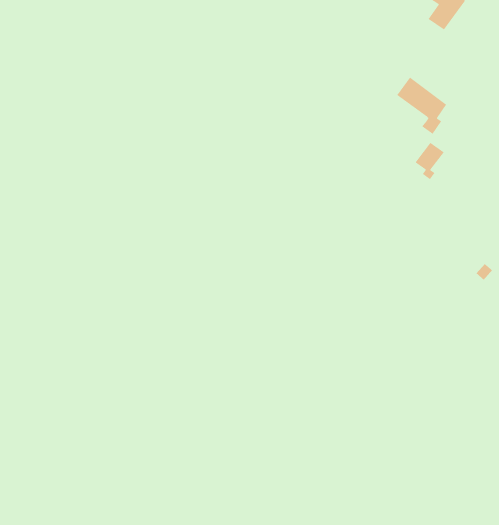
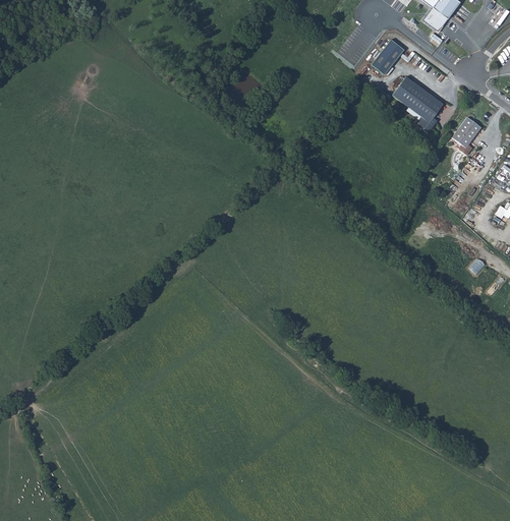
building: none -> [371,38,404,73]
building: [414,142,445,180] -> [453,117,483,155]

